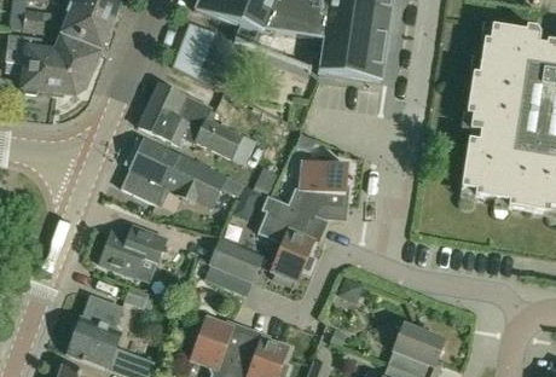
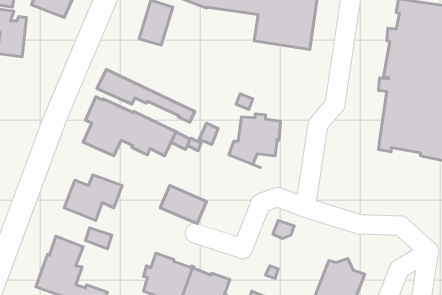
building: [51,39,95,93] -> none
building: [147,82,255,153] -> none
building: [256,195,324,282] -> none

